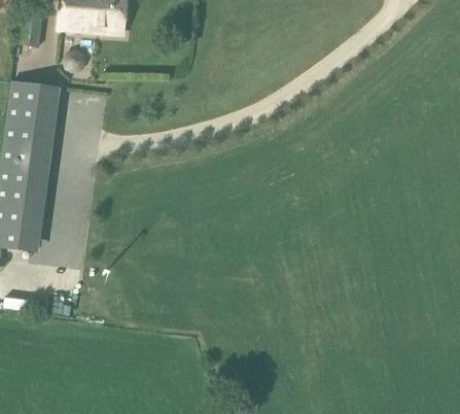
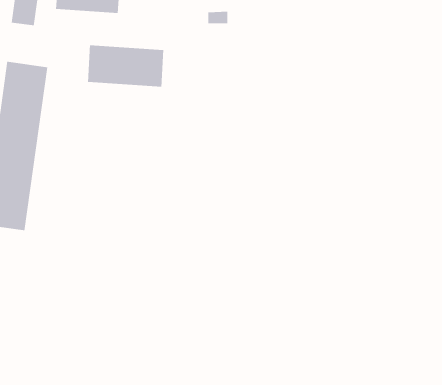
building: none -> [87,45,164,87]

